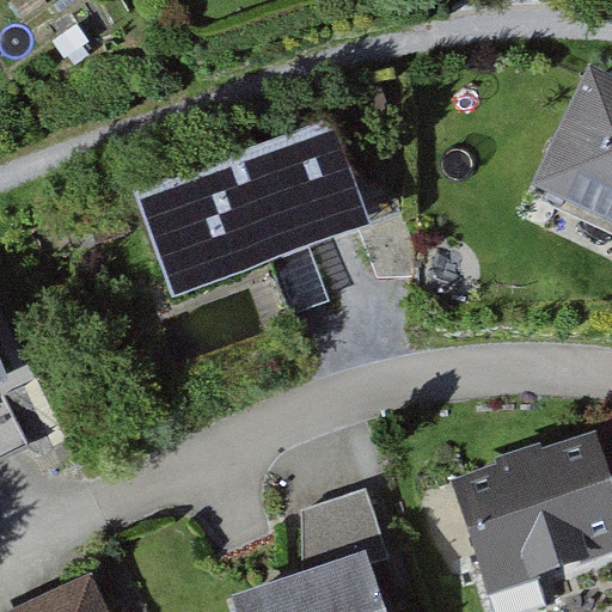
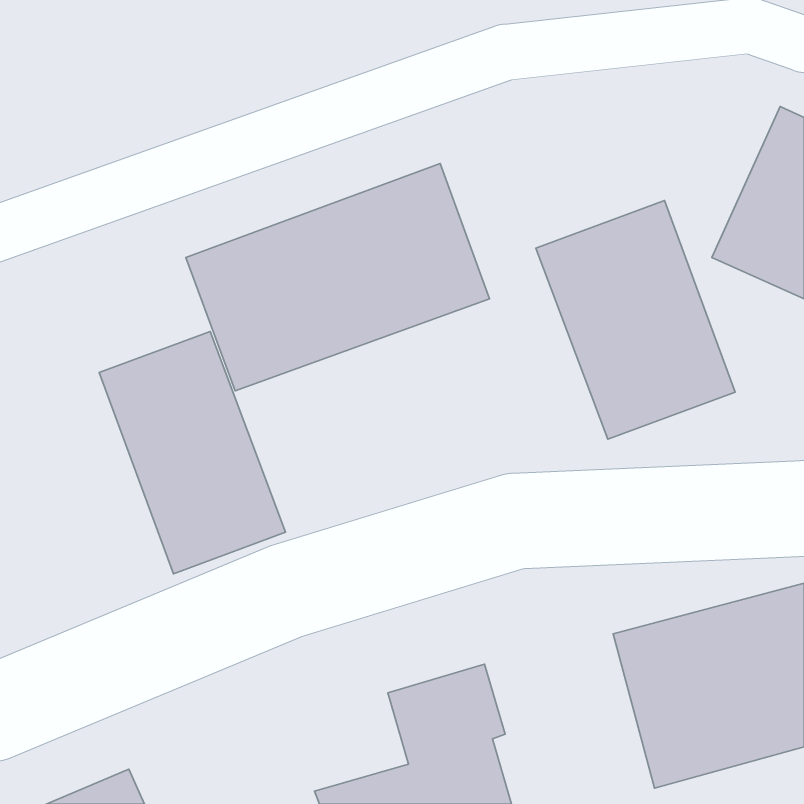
building: none -> [536,200,735,439]
building: none -> [99,332,286,574]

